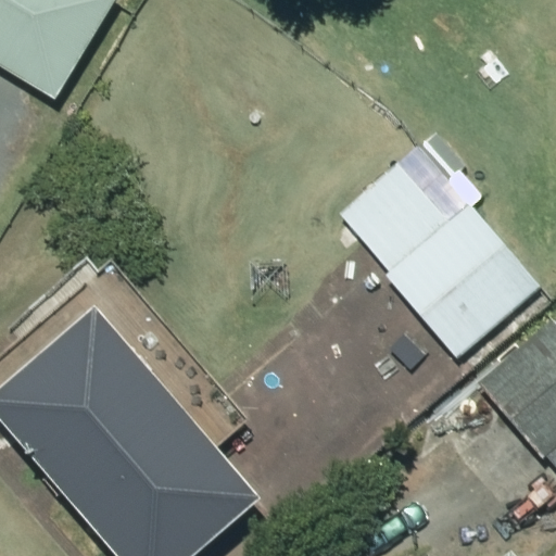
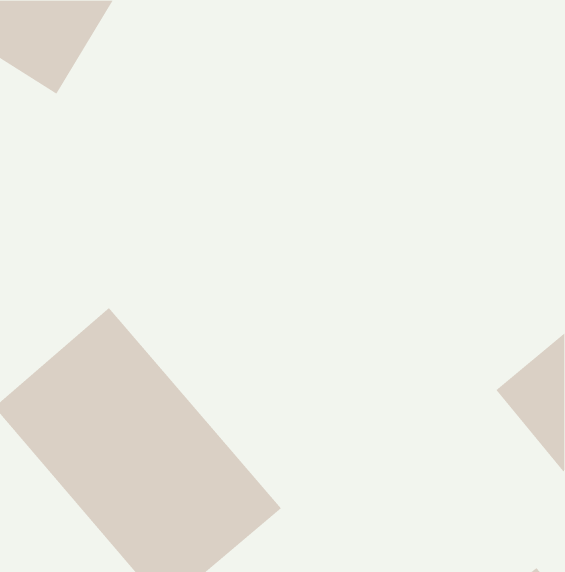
building: [337,136,535,359] -> none

